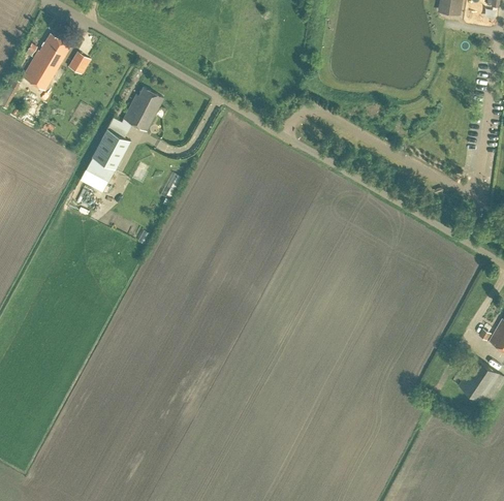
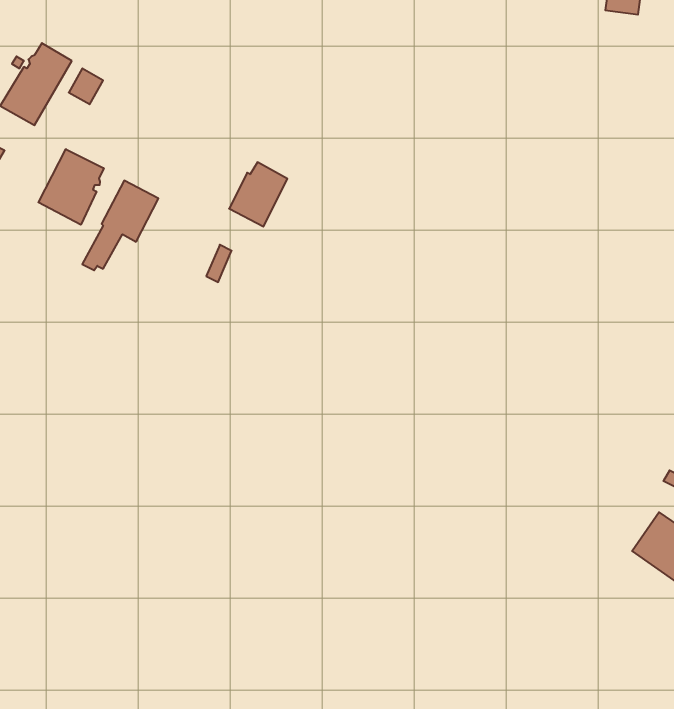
building: [123,88,163,132] -> [229,162,287,227]
building: none -> [38,149,104,225]

